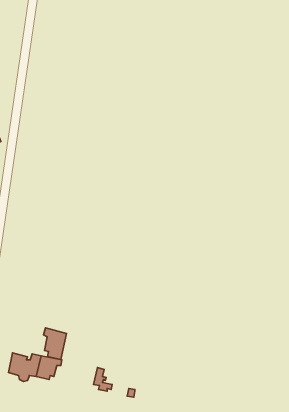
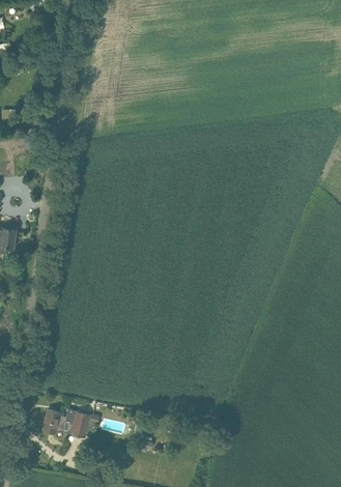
building: [43,328,67,360] -> none

